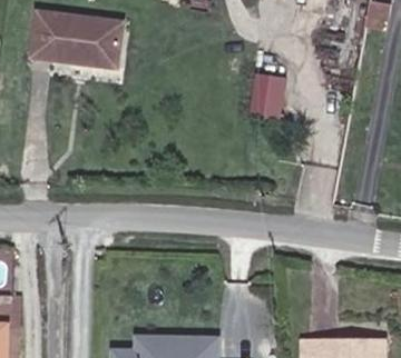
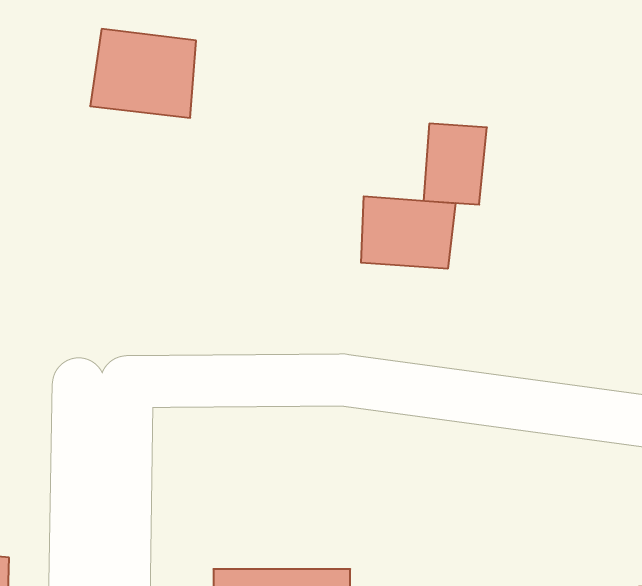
building: [28,18,65,67] -> none
building: none -> [361,196,455,269]

